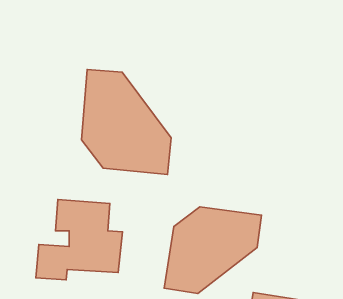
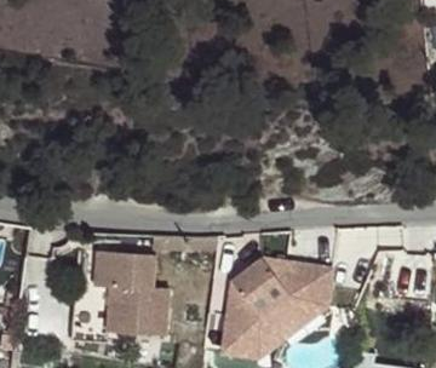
building: [81,69,171,175] -> none

